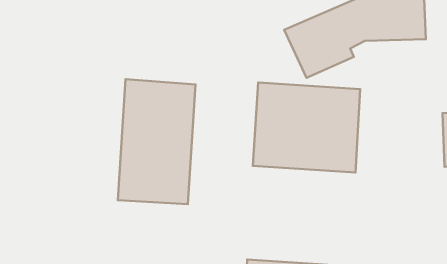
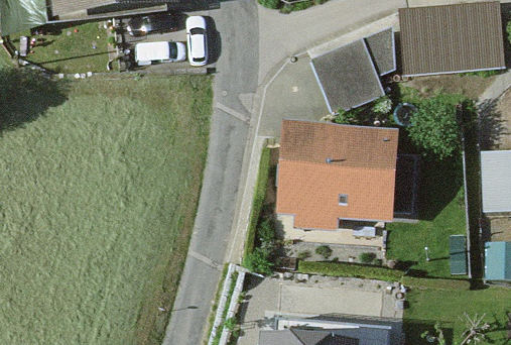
building: [118,79,195,204] -> none

